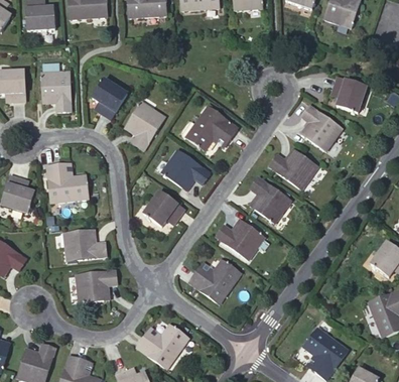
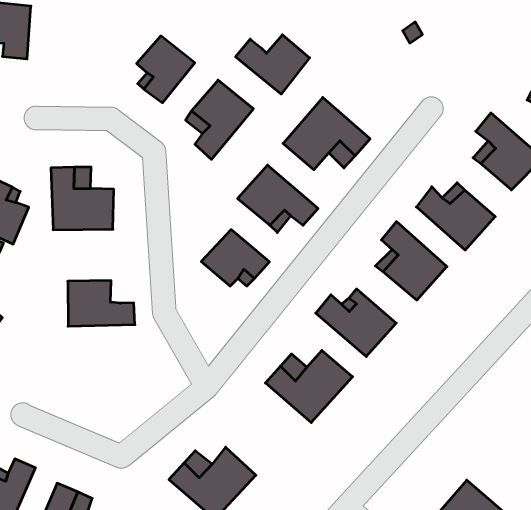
building: none -> [236,35,310,94]
building: [41,70,72,110] -> none
building: [76,269,118,301] -> none

